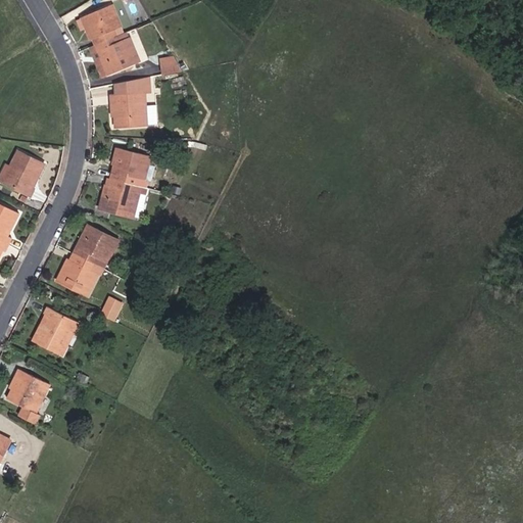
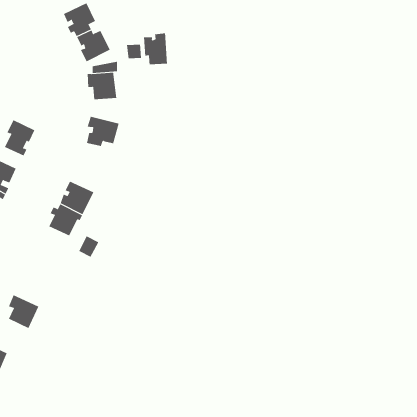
building: none -> [143,33,167,65]
building: [95,180,139,220] -> none
building: [33,308,74,359] -> none

